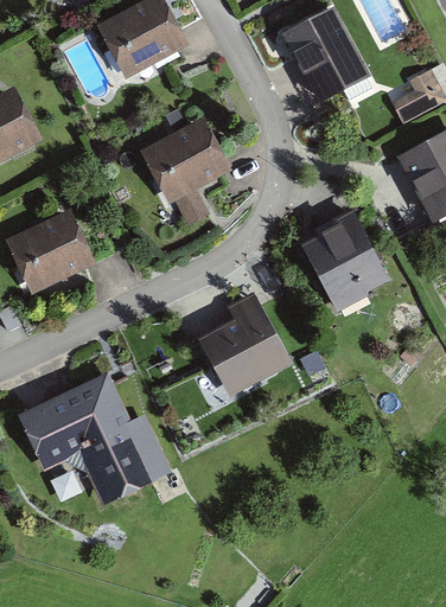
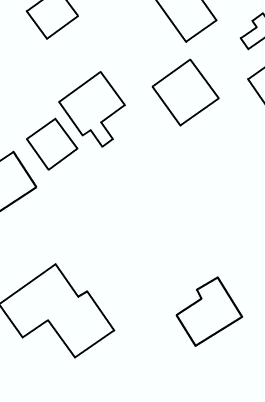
building: none -> [27,119,77,170]
building: [300,221,388,308] -> [153,60,219,126]
building: [196,300,285,389] -> [177,277,242,346]

